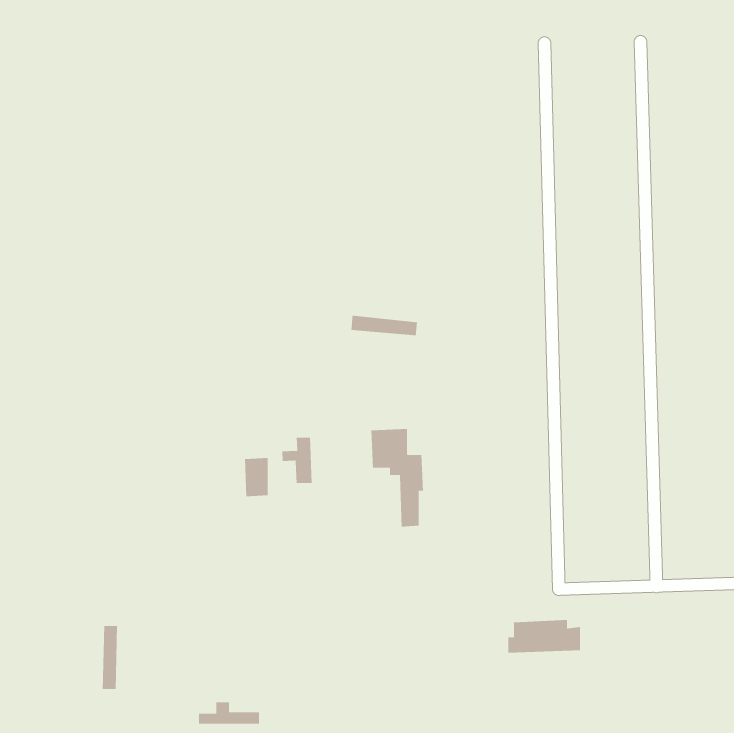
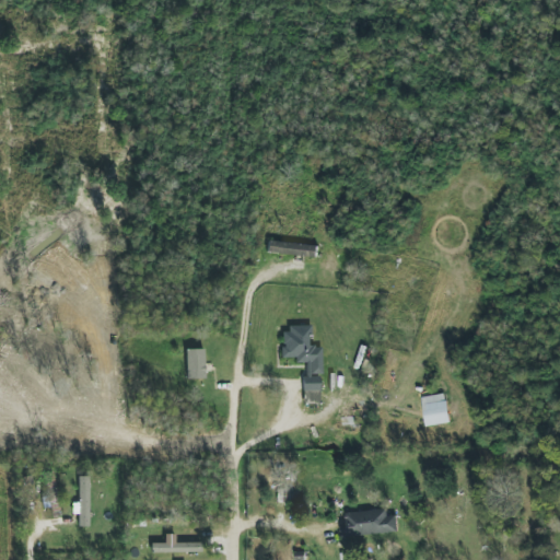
building: [282,437,313,484] -> none
building: none -> [422,393,450,425]
building: [507,619,581,654] -> [342,509,398,535]

